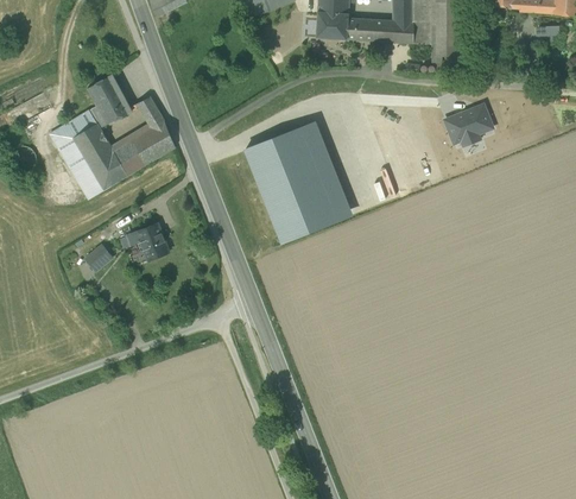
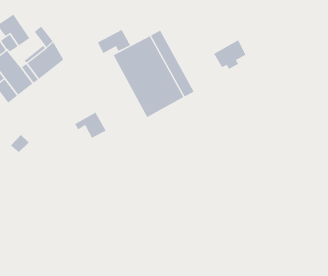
building: [444,105,490,145] -> [213,40,246,70]
building: none -> [97,29,131,54]
building: [125,222,169,259] -> [74,112,107,139]

